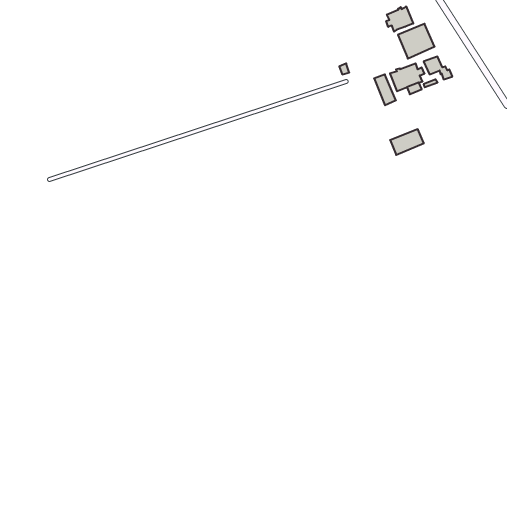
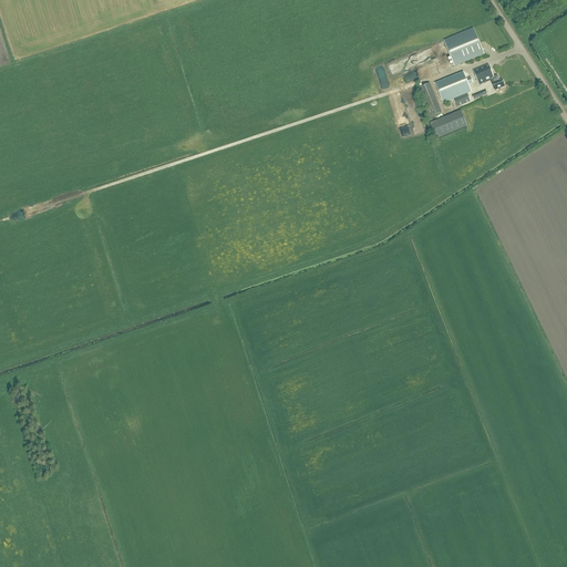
building: [386,6,413,32] -> none
building: [390,129,424,155] -> [430,110,467,138]

